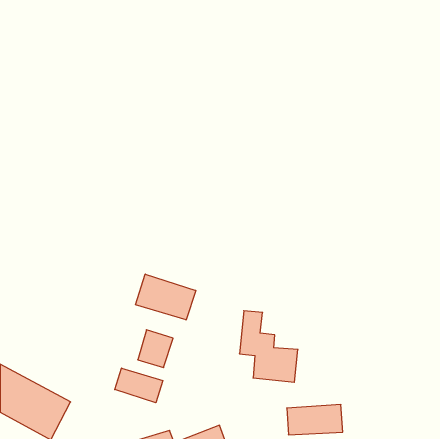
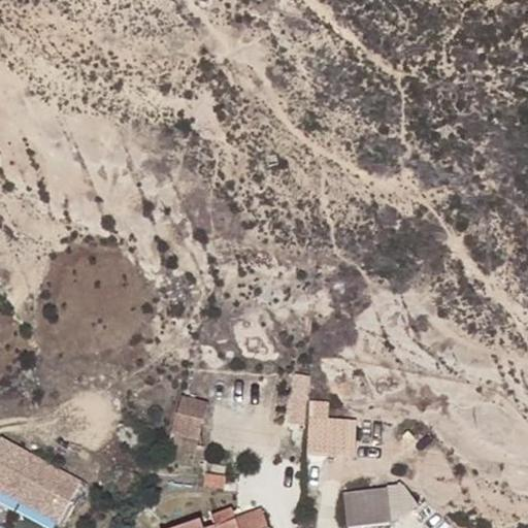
building: [135,274,196,320] -> none
building: [115,368,163,403] -> none

